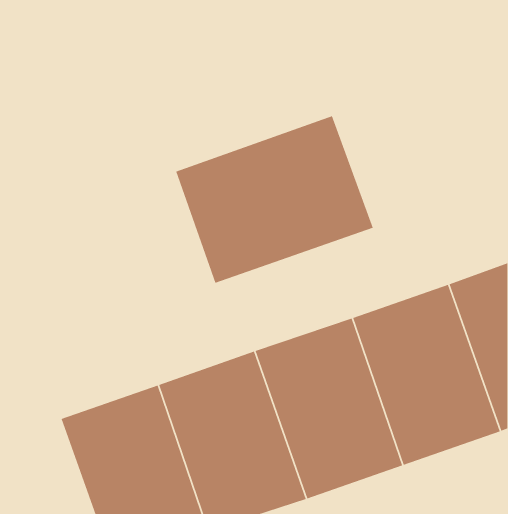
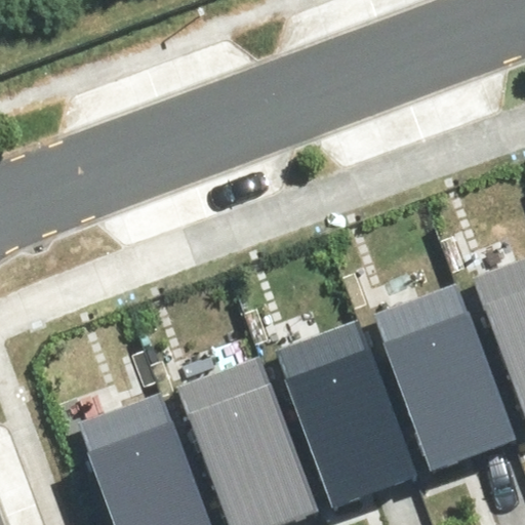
building: [175,115,374,284] -> none

